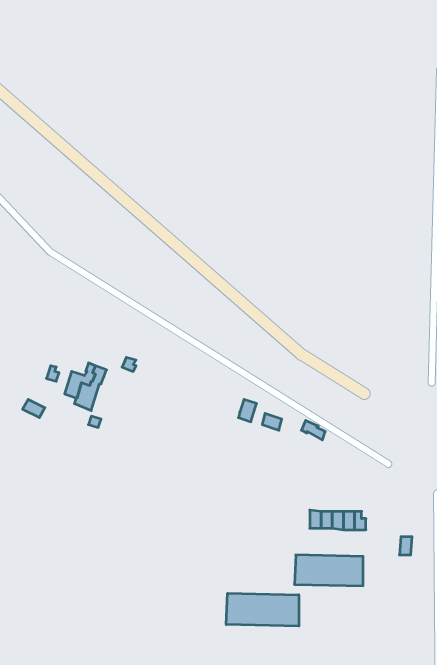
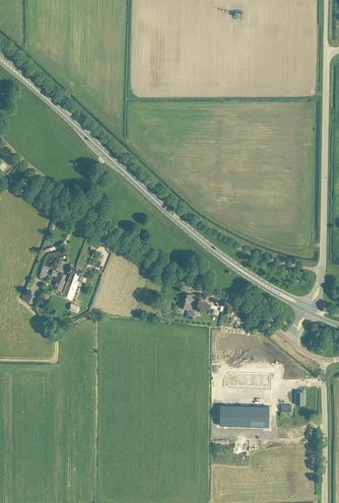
building: [226,593,299,626] -> none

